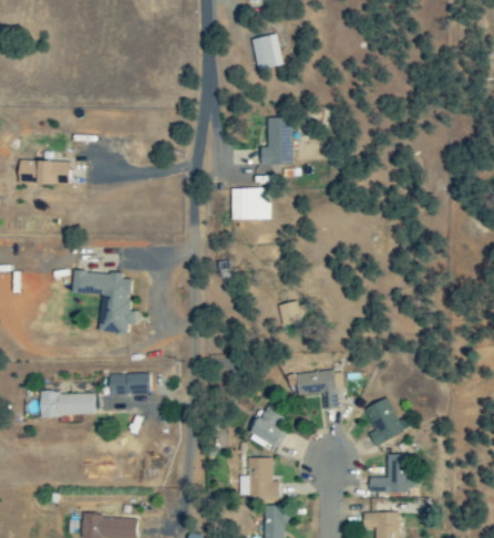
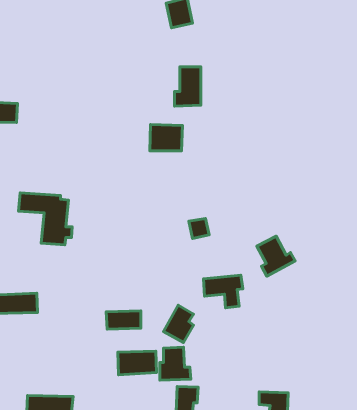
building: [107,373,150,395] -> [106,311,141,329]
building: [363,397,410,446] -> [257,236,295,276]
building: [372,454,415,493] -> none
building: none -> [118,351,156,375]

